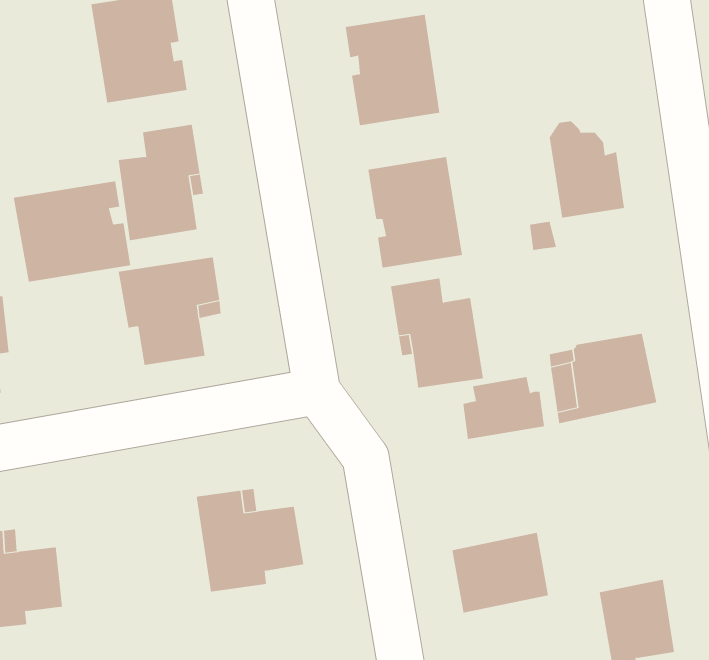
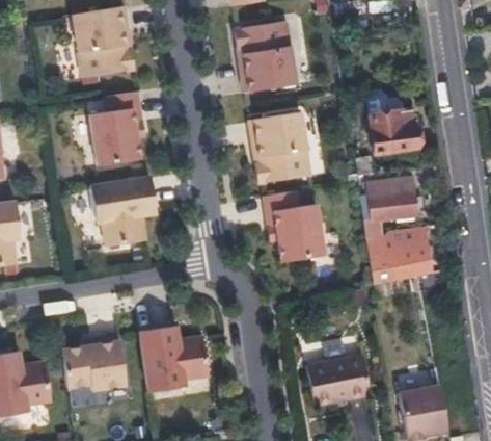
building: [13,181,131,283] -> none
building: [462,376,545,440] -> [360,180,413,220]
building: none -> [62,335,127,390]

